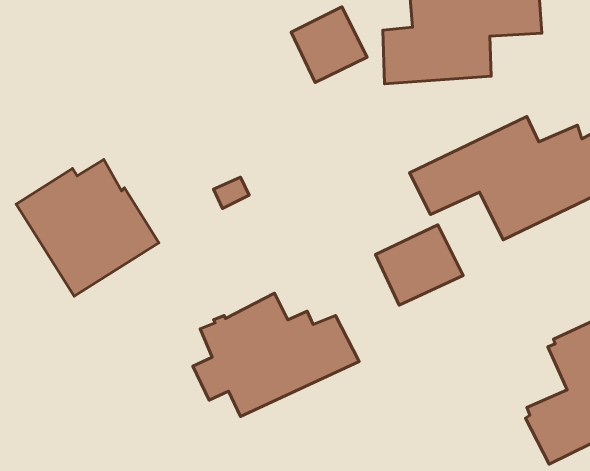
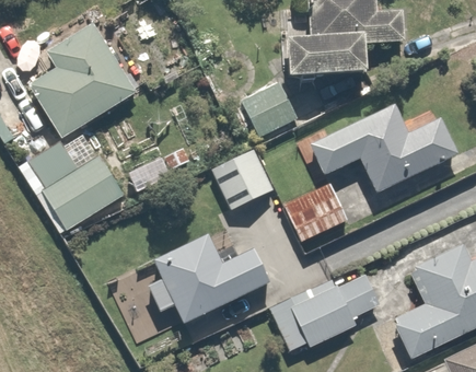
building: [291,7,367,83] -> [242,82,298,138]
building: none -> [28,23,138,140]
building: none -> [211,149,274,210]
building: none -> [269,275,381,351]

